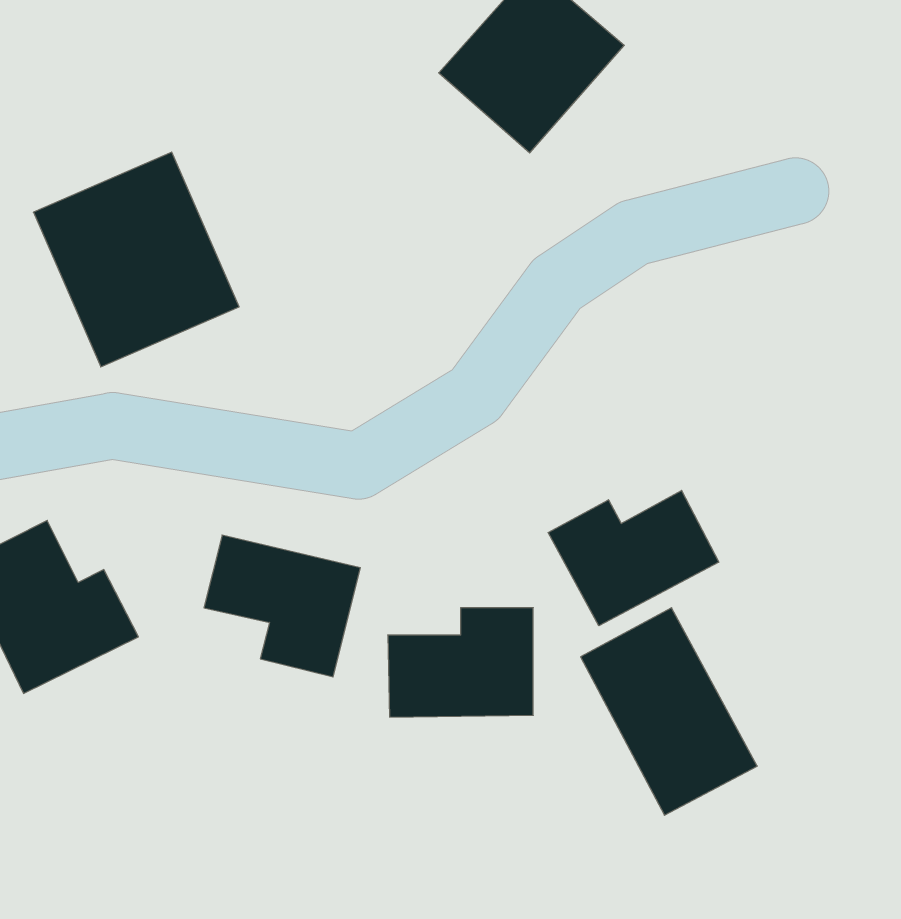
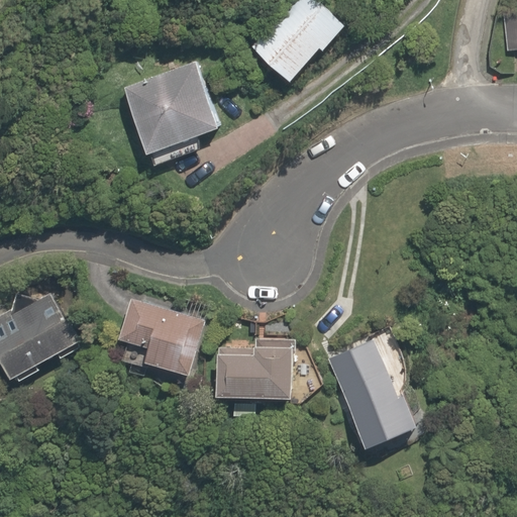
building: [33,152,239,367] -> [111,46,225,166]
building: [548,490,719,626] -> none

